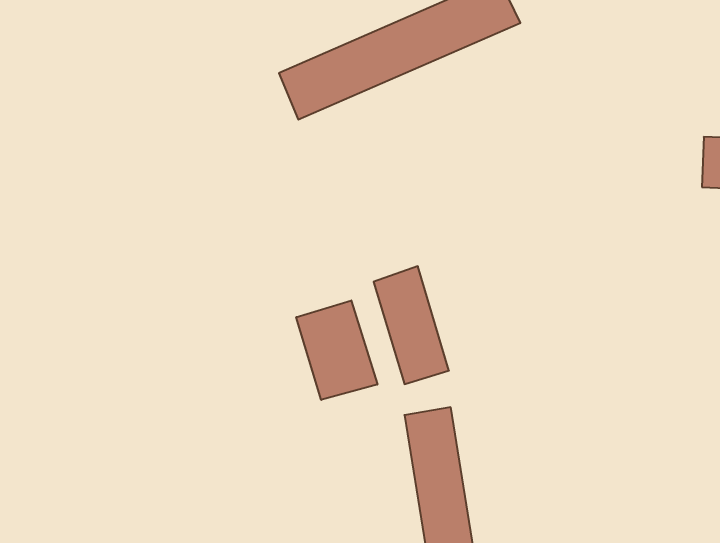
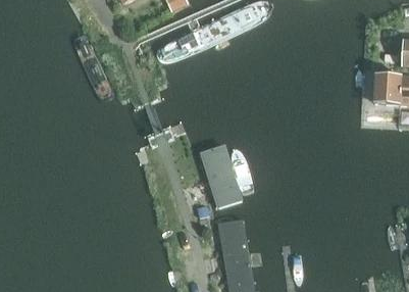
building: [296,300,377,400] -> none

